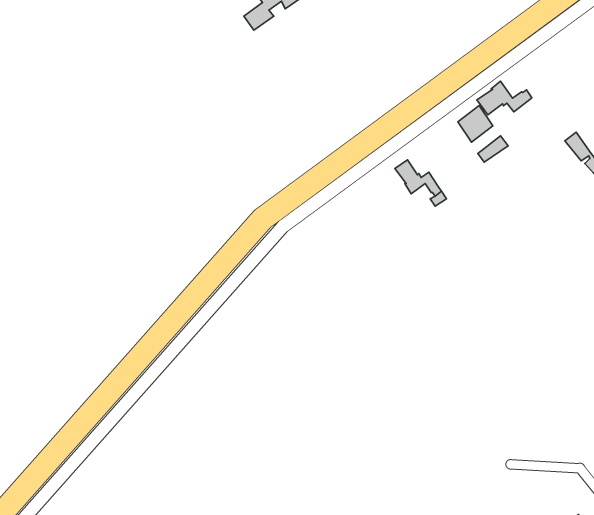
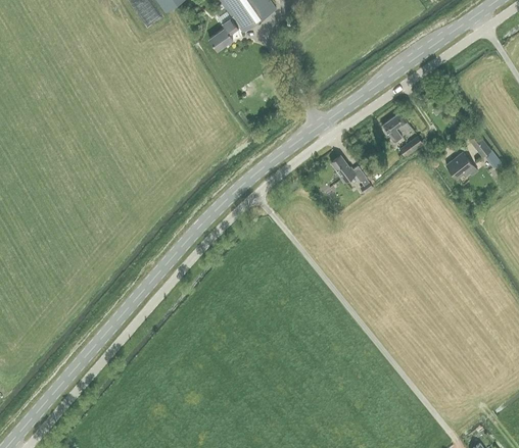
building: [477,81,532,115] -> none
building: none -> [446,151,478,179]

